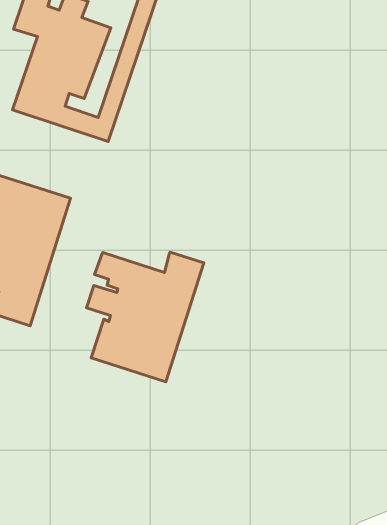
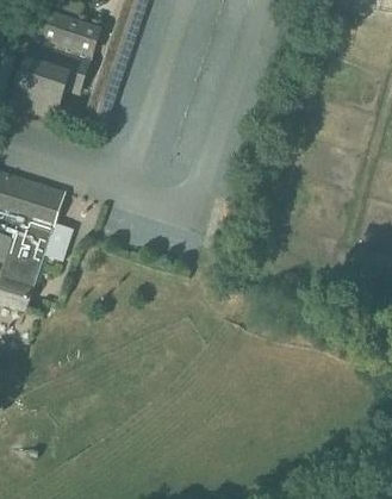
building: [87,252,204,382] -> none

